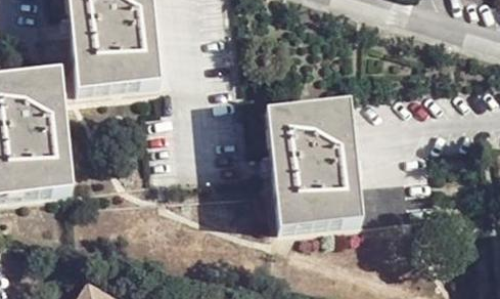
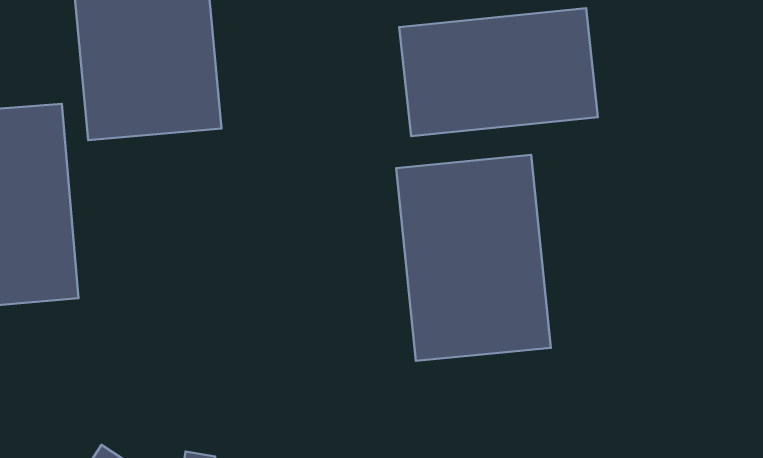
building: none -> [399,8,598,136]

